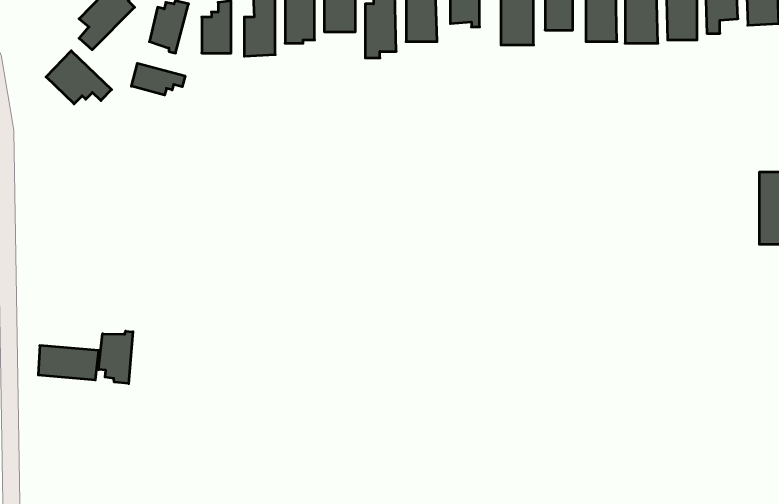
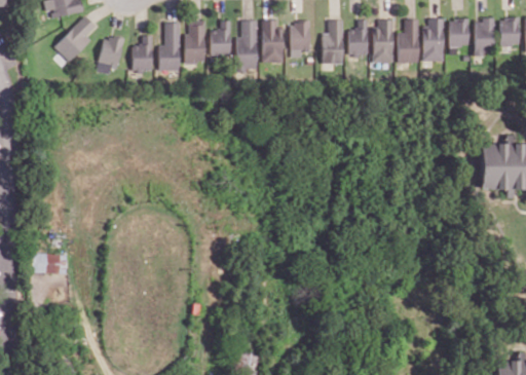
building: [46,51,112,104] -> none
building: [131,63,185,95] -> none
building: [99,331,133,384] -> none

